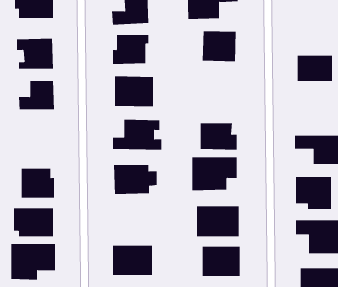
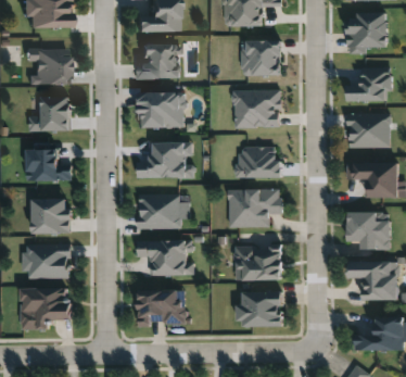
building: none -> [347,12,388,49]
building: none -> [233,91,281,129]
building: none -> [348,112,389,147]
building: none -> [26,150,72,183]
building: none -> [138,241,194,277]

